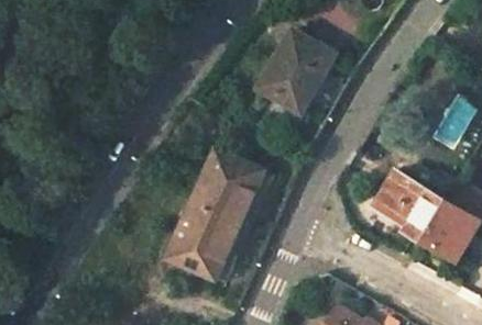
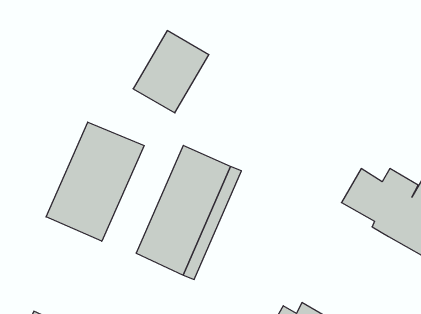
building: [256,30,332,112] -> [133,31,209,113]
building: none -> [46,122,144,241]

